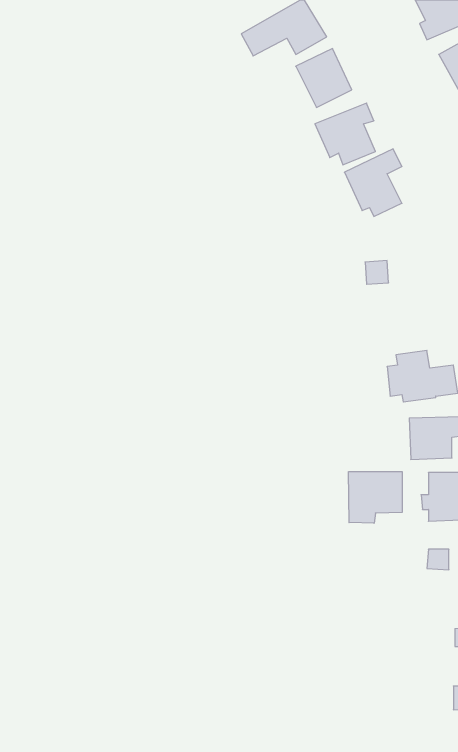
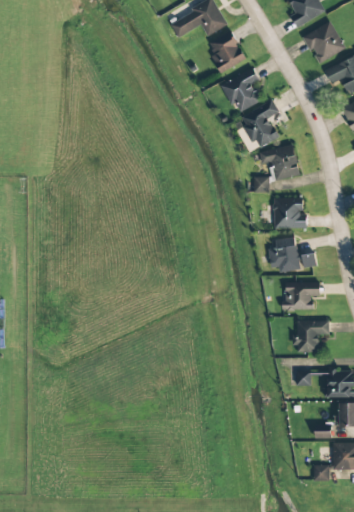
building: none -> [259,145,300,181]
building: none -> [273,198,307,229]
building: [349,472,402,523] -> none

